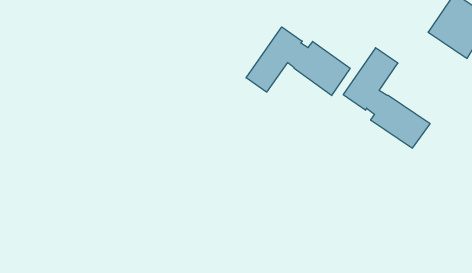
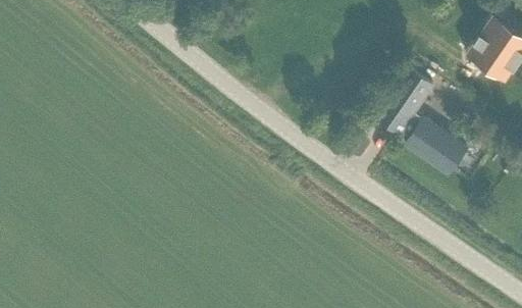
building: [246,27,350,96] -> none

